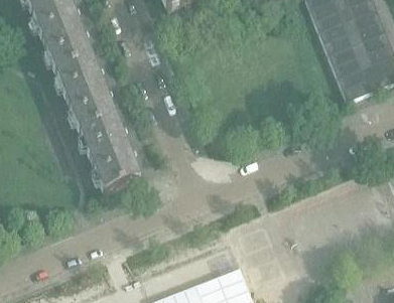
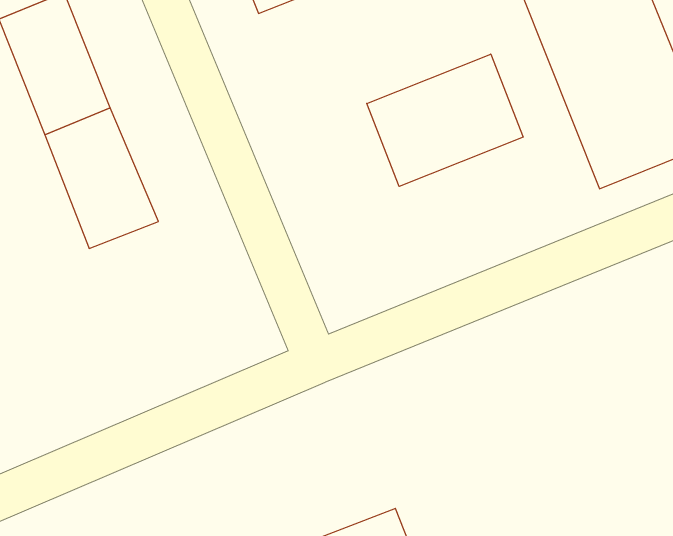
building: none -> [367,54,523,186]
building: [79,117,139,190] -> none

